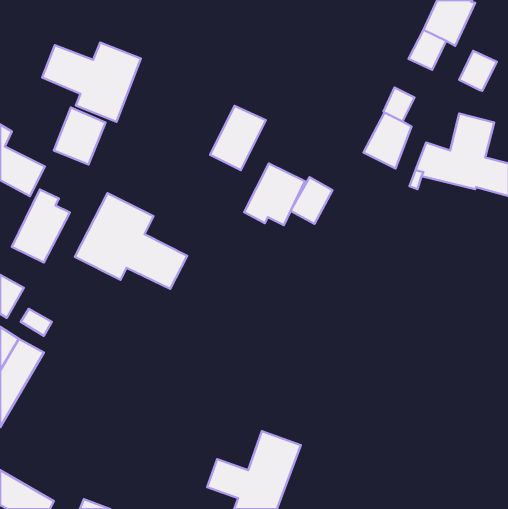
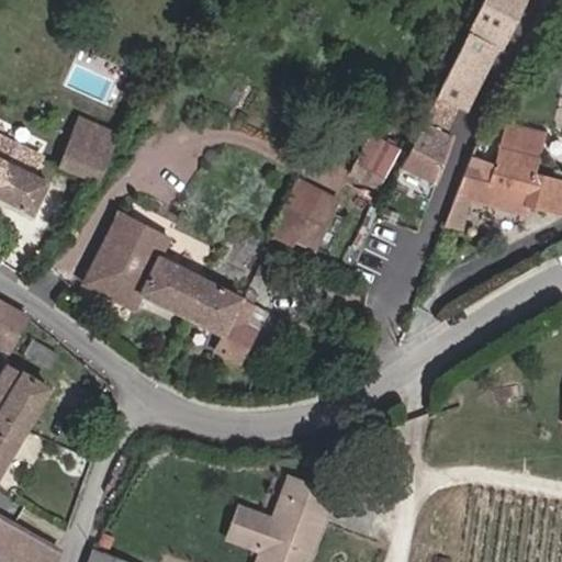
building: [42,42,141,122] -> none
building: [459,51,497,91] -> [436,65,477,109]
building: [210,106,266,170] -> none
building: [291,177,332,224] -> [351,136,397,188]
building: [12,190,70,263] -> none
building: none -> [189,282,267,363]

